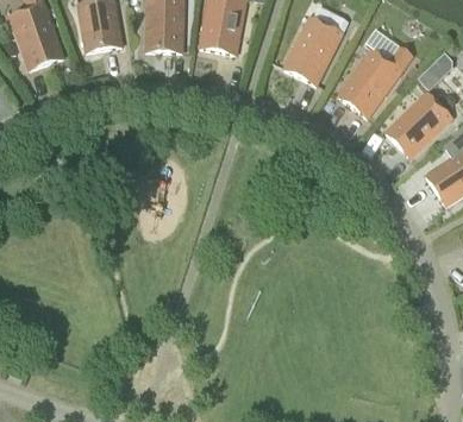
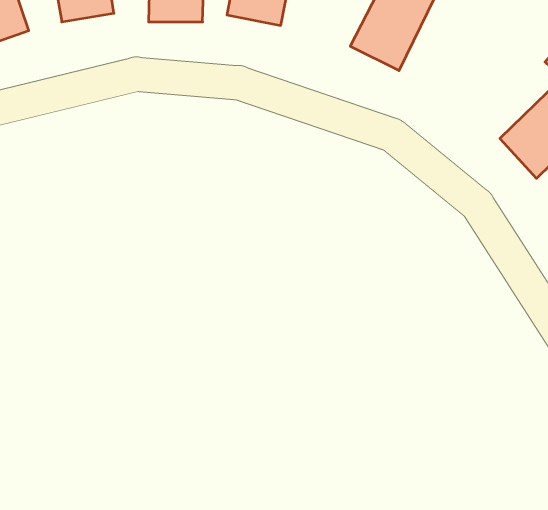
building: [338,44,413,116] -> none

